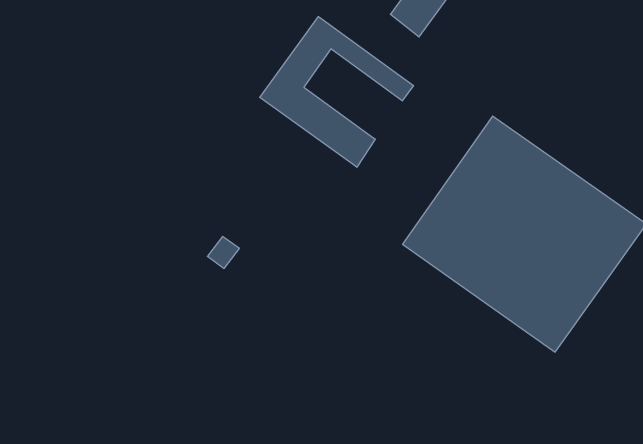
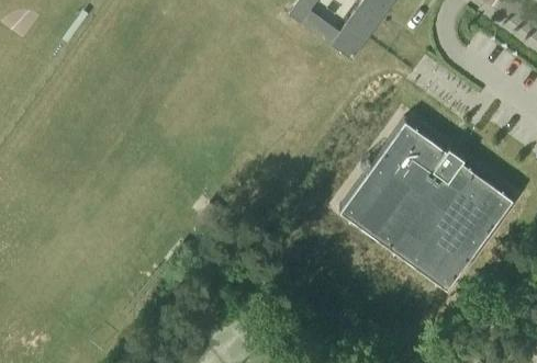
building: [260,17,413,167] -> none

